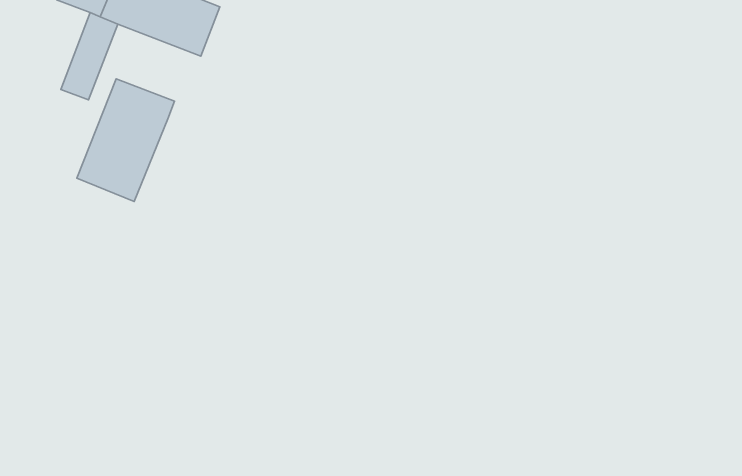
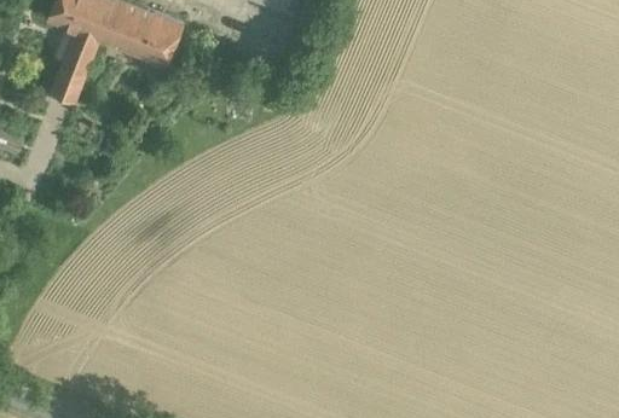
building: [77,79,175,202] -> none

